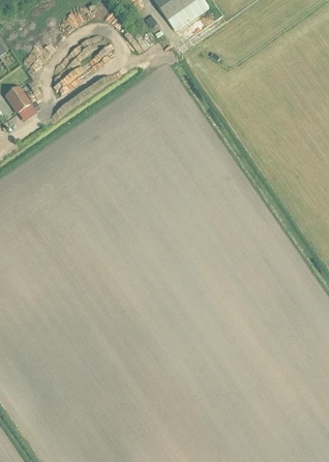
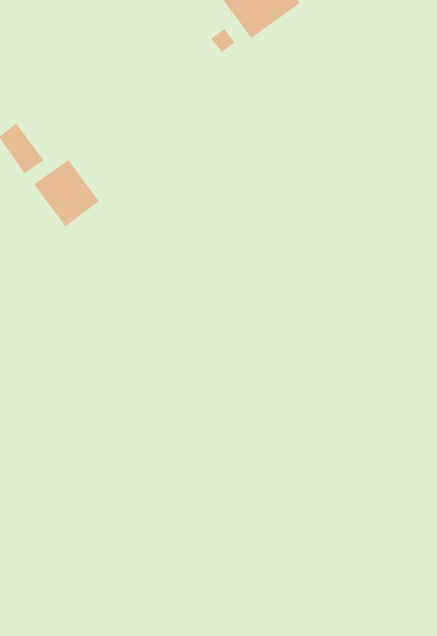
building: none -> [33,159,100,227]

